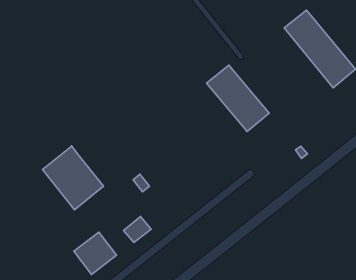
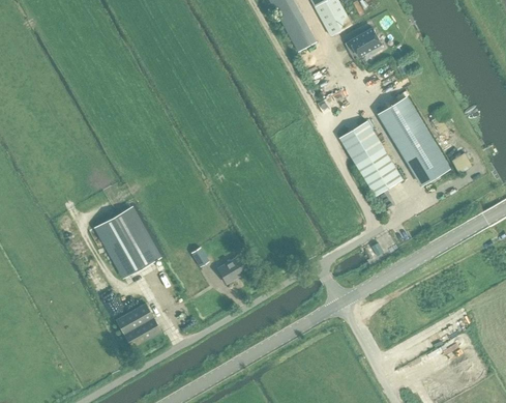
building: [206,65,269,132] -> [339,121,403,196]
building: [123,216,151,242] -> [216,256,246,283]

